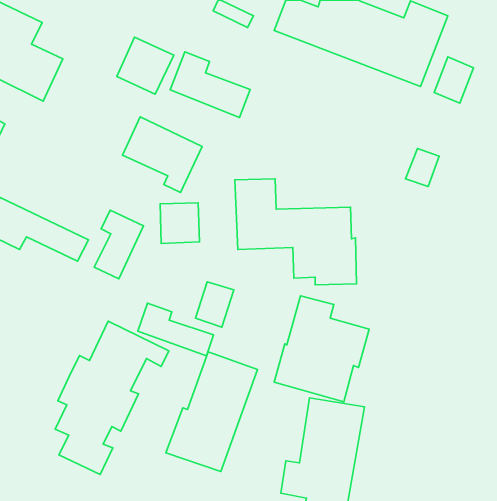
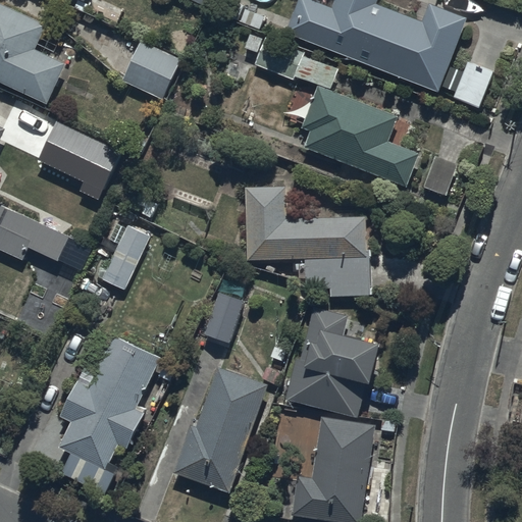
building: none -> [242,33,420,187]
building: [170,52,250,118] -> none
building: [123,117,202,193] -> [36,119,118,198]
building: [160,203,199,243] -> none
building: [138,303,213,356] -> none

